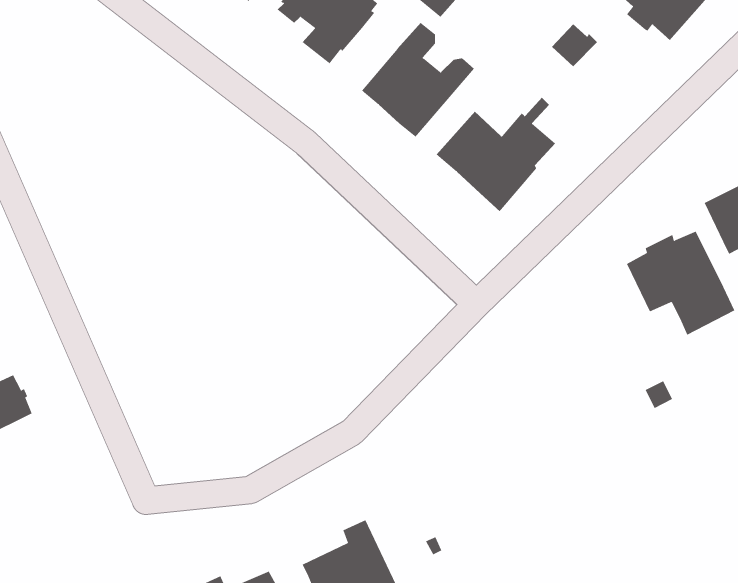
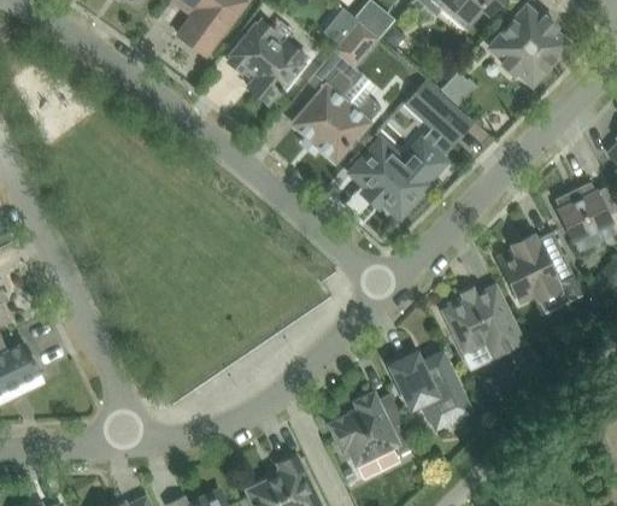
building: none -> [406,82,470,143]
building: none -> [443,284,523,355]
building: none -> [389,351,470,426]
building: none -> [330,393,411,463]

